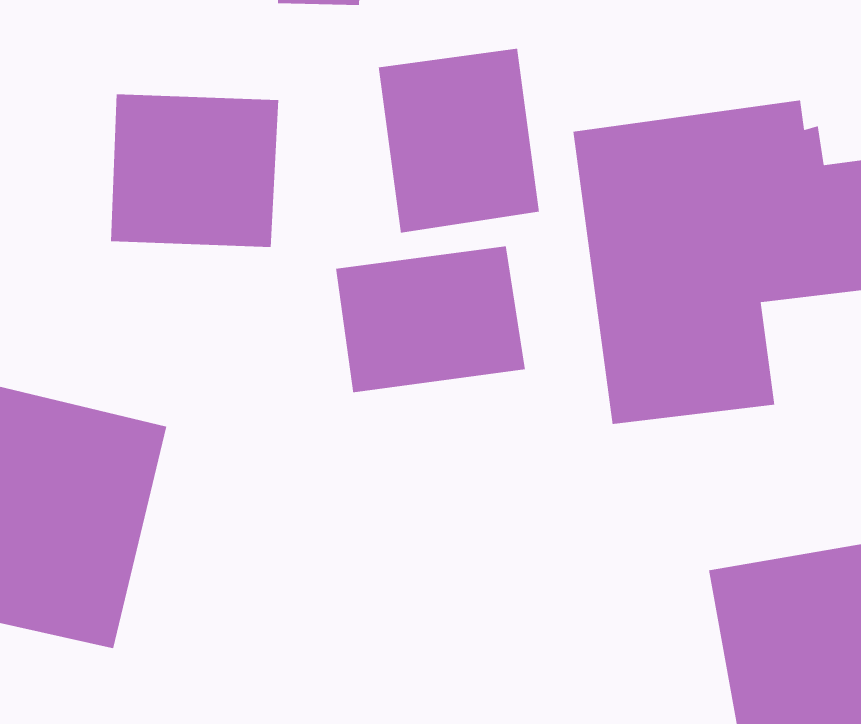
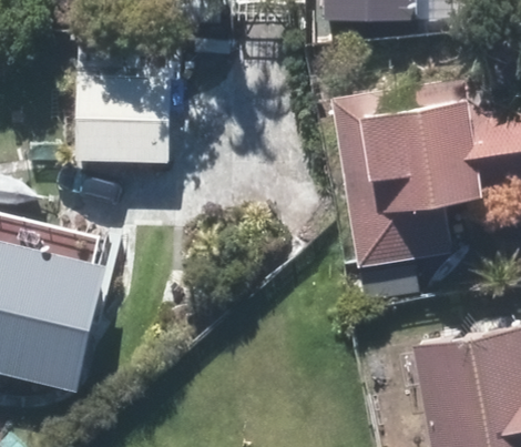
building: [378,48,539,233] -> none
building: [335,245,525,393] -> none

